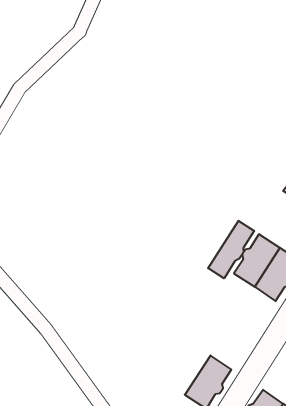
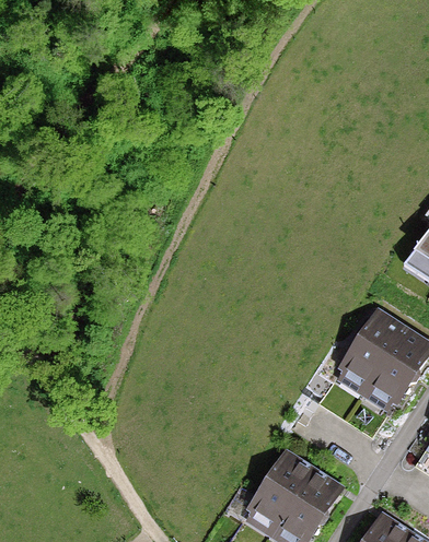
building: [208,221,254,278] -> none
building: none -> [248,457,310,526]

